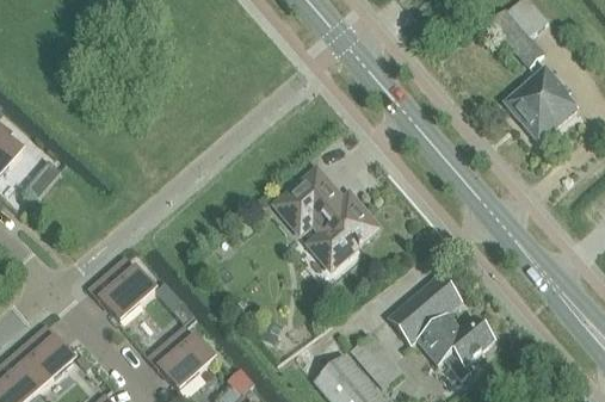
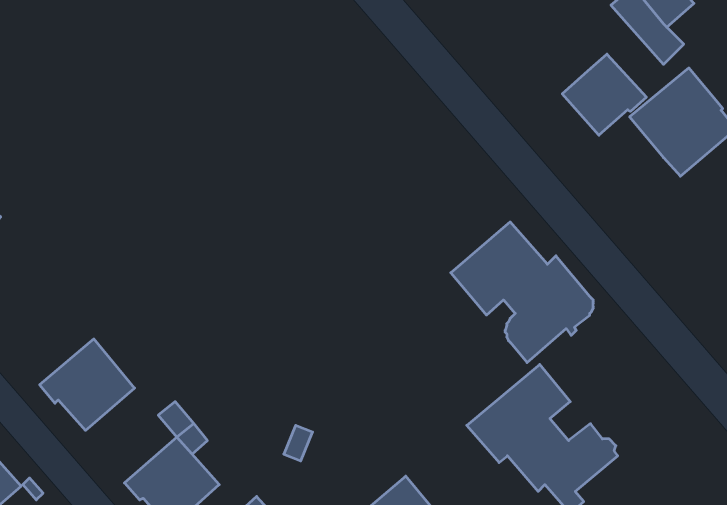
building: none -> [562,54,646,135]
building: [276,168,376,267] -> [451,222,593,363]

